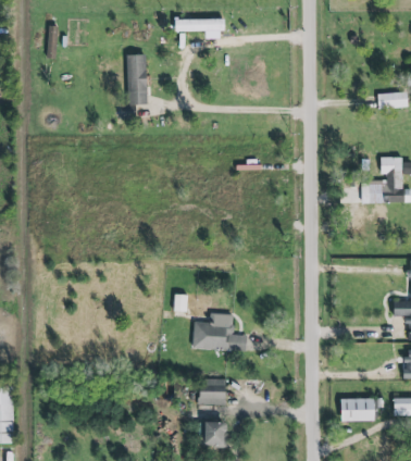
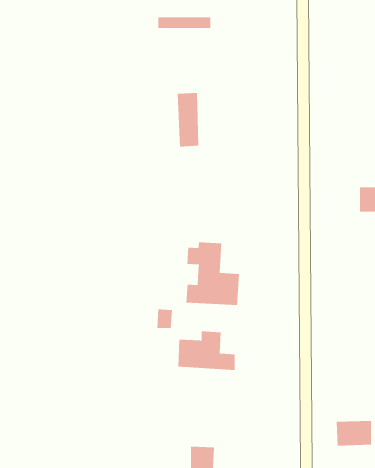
building: [126,53,147,104] -> [177,92,199,147]
building: none -> [186,241,239,306]
building: [200,378,226,404] -> none

